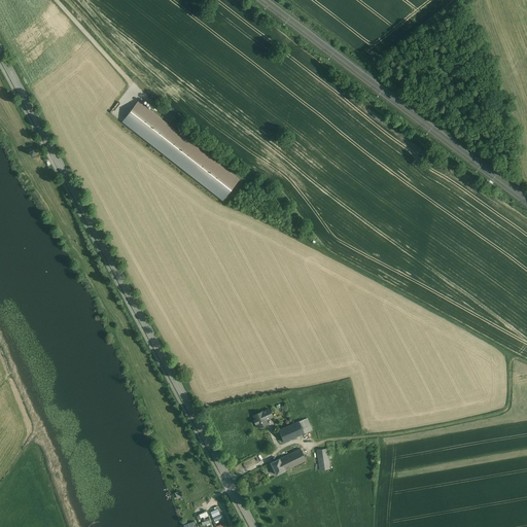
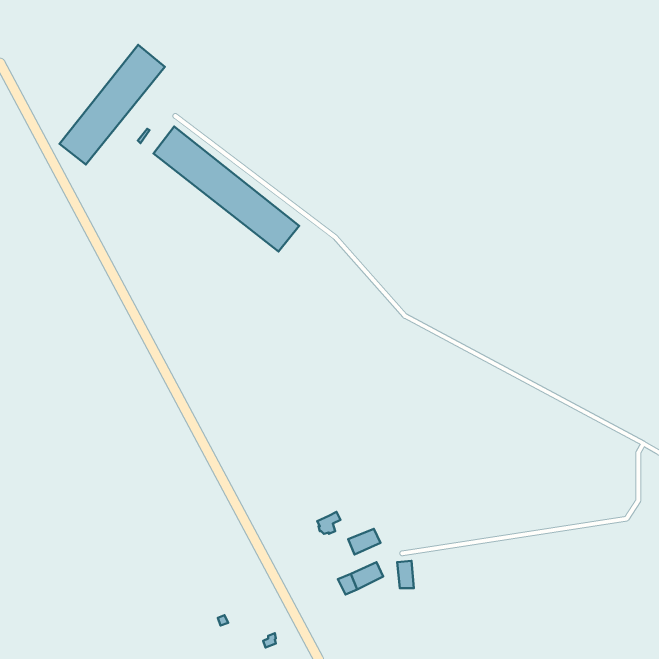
building: none -> [60,45,165,165]

